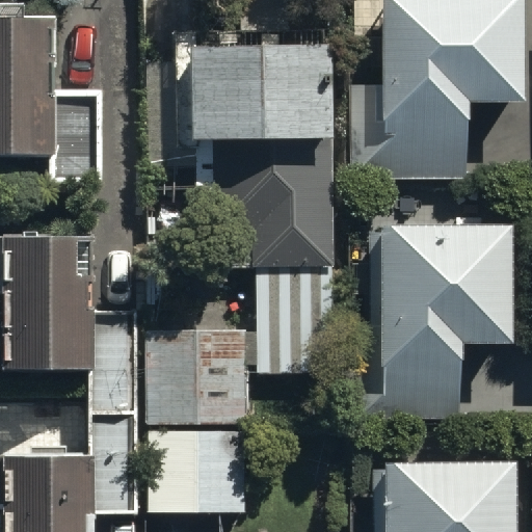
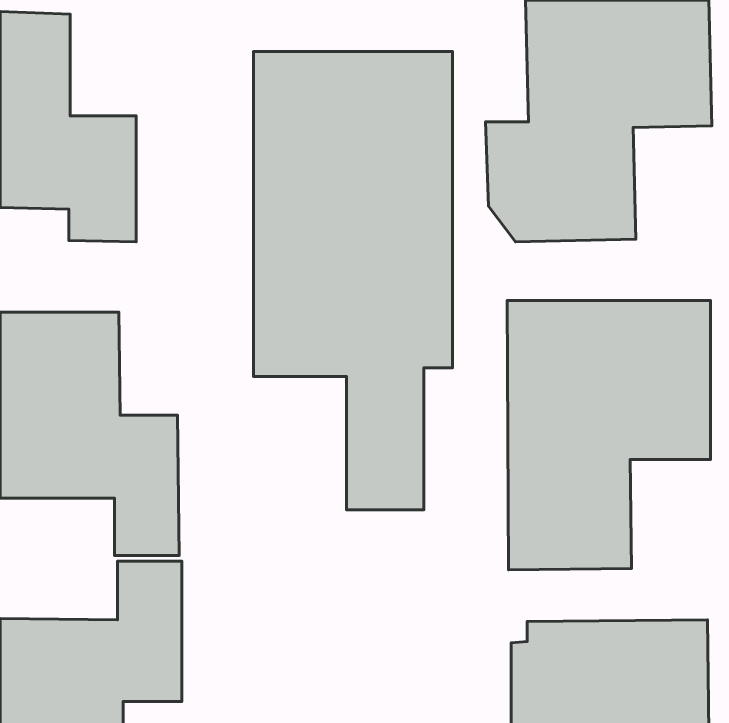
building: [147,330,246,425] -> none
building: [145,432,246,511] -> none

